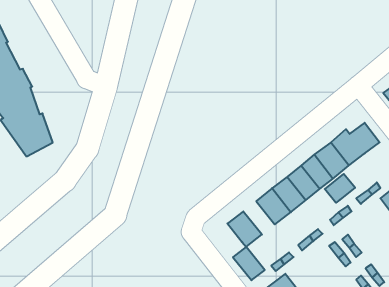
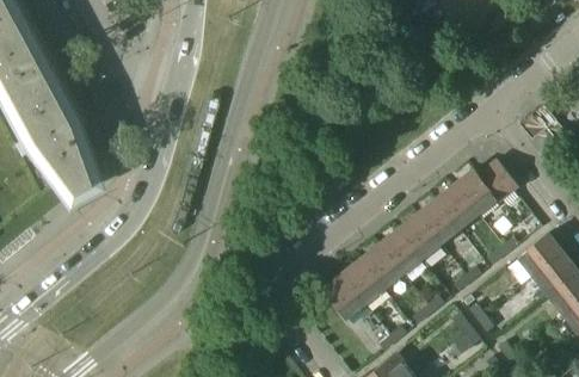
building: [325,174,355,203] -> none
building: [233,247,265,280] -> [343,260,383,303]

